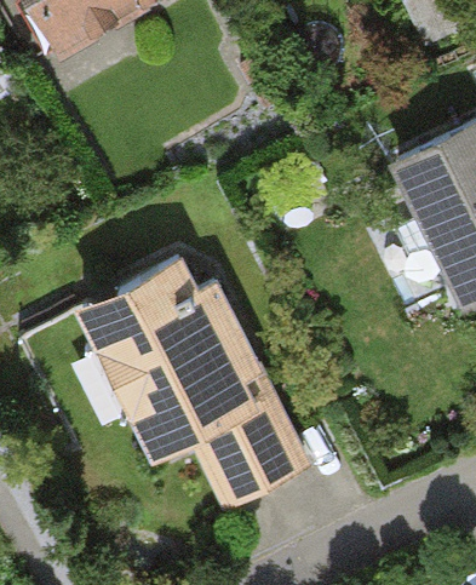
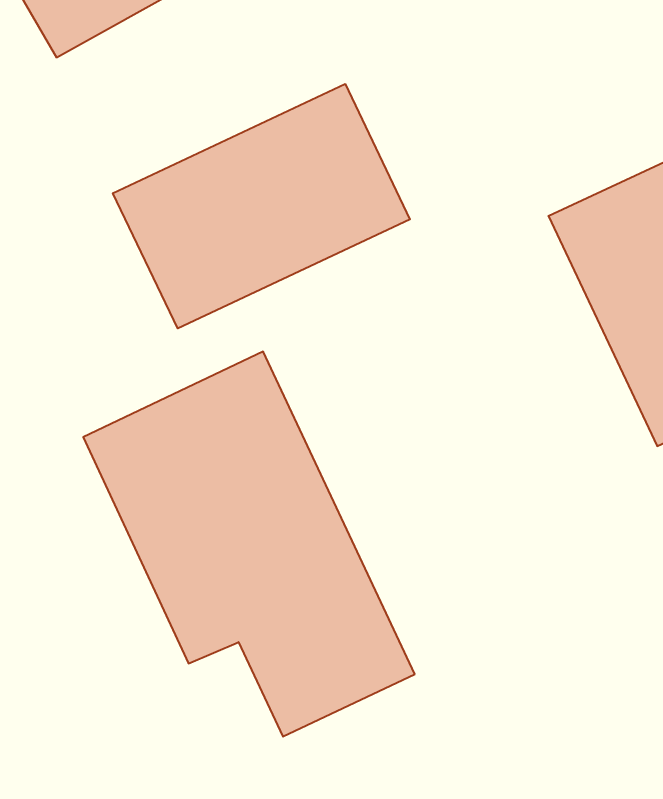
building: none -> [113,84,410,328]

